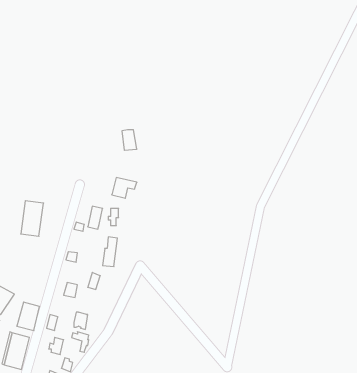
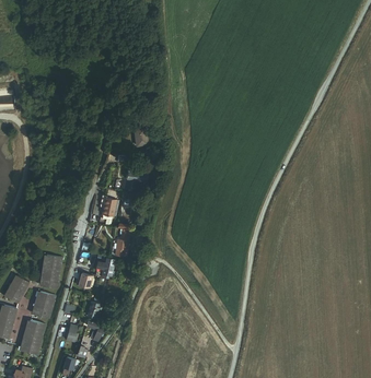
building: [21,201,44,236] -> [40,255,62,288]

